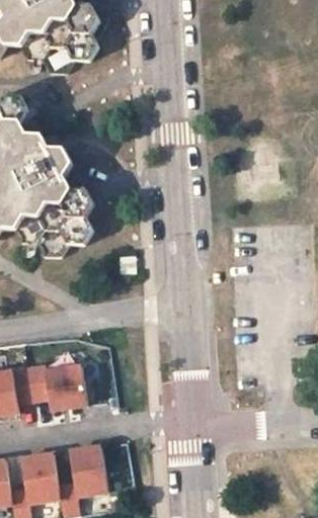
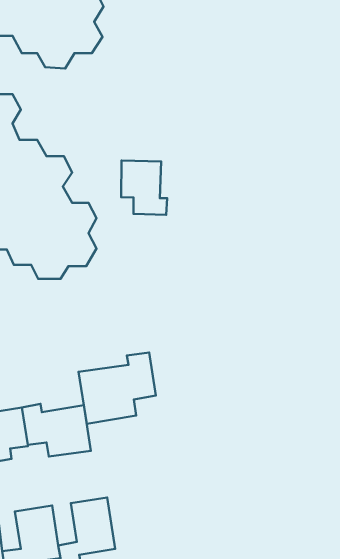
building: none -> [121,160,167,215]
building: none -> [79,353,156,424]

